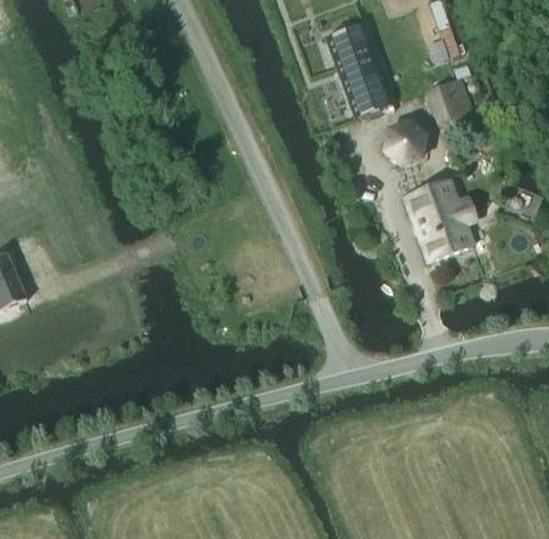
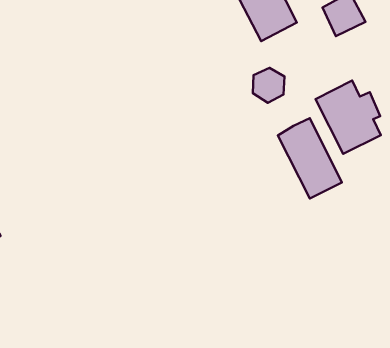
building: [387,122,425,162] -> [253,68,284,103]
building: none -> [278,118,342,198]

